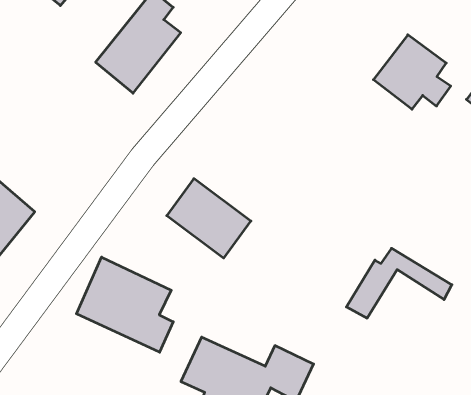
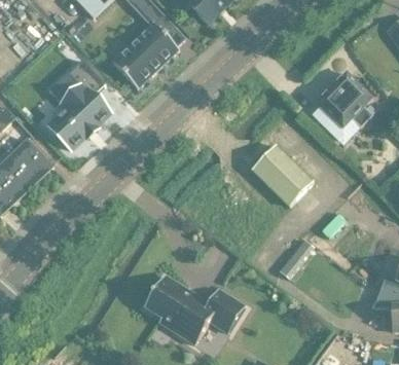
building: none -> [49,59,110,149]
building: [167,179,251,258] -> [252,144,314,206]
building: [76,257,173,352] -> none

